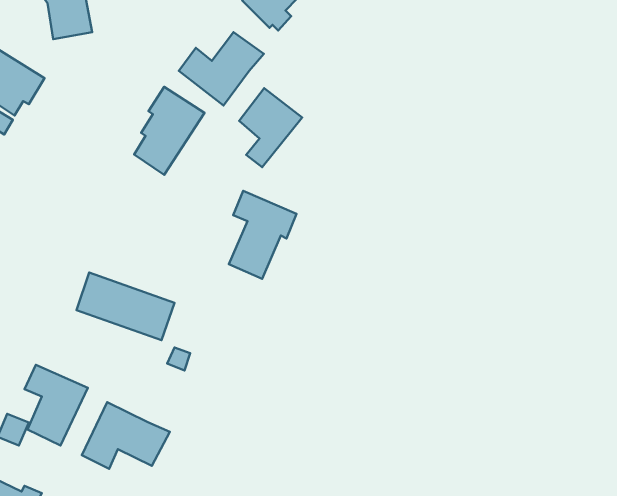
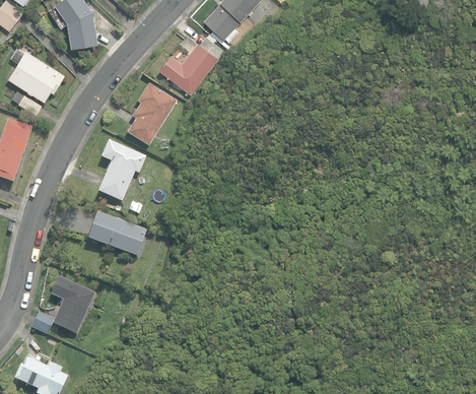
building: [239,88,302,167] -> none
building: [229,191,297,279] -> [97,140,145,202]
building: [82,402,170,469] -> none

